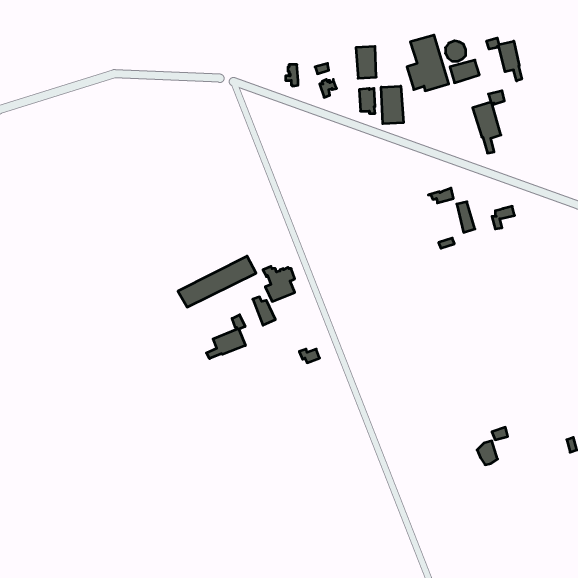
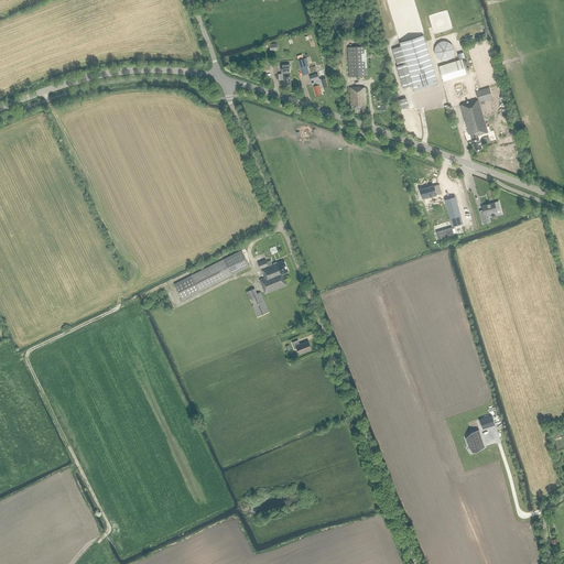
building: [487,38,522,81] -> none
building: [381,86,403,124] -> none
building: [206,315,245,359] -> none

